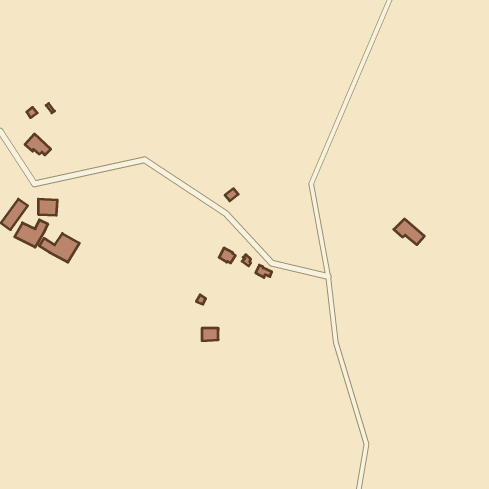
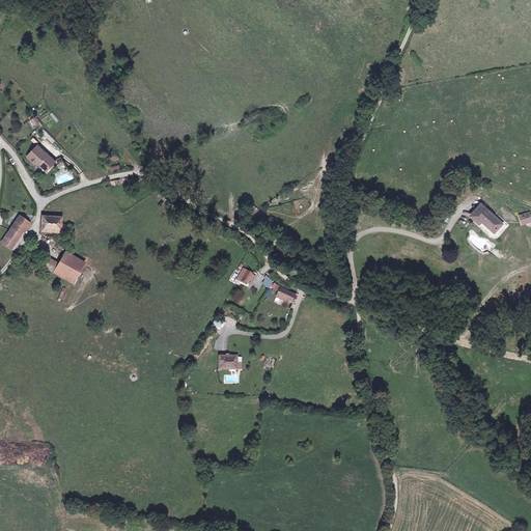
building: [394,219,424,245] -> [470,203,503,231]
building: [15,220,48,247] -> none

